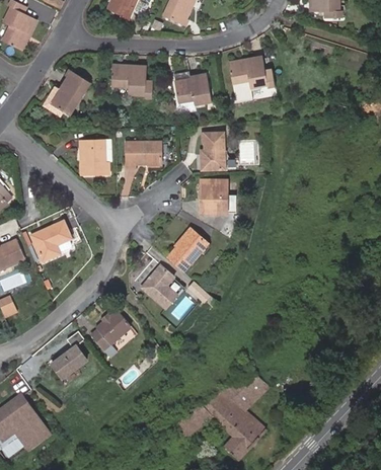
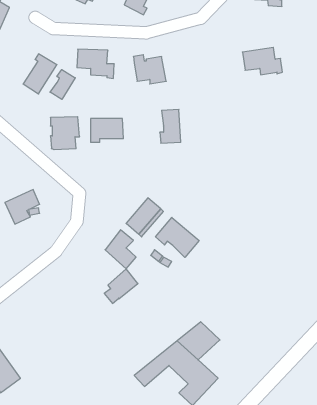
building: [227,58,272,88] -> [242,47,282,75]
building: none -> [50,70,75,99]
building: [203,180,230,214] -> none
building: none -> [156,217,199,257]
building: [92,311,130,349] -> [104,269,138,303]
building: [51,332,85,379] -> none

